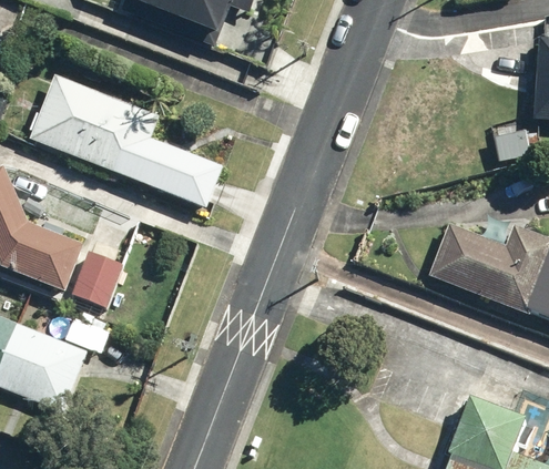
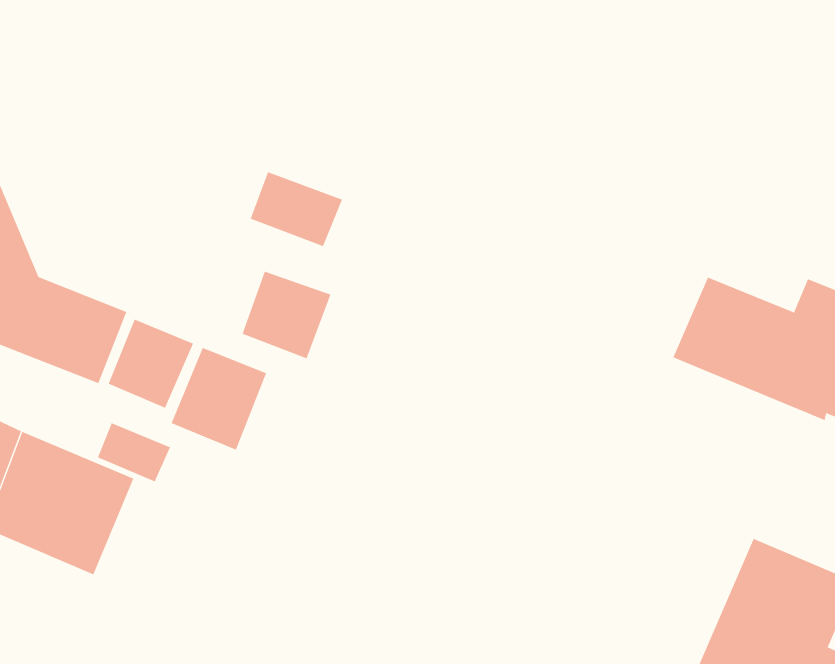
building: [28,74,167,187] -> none
building: none -> [242,271,331,359]
building: none -> [171,347,267,450]

